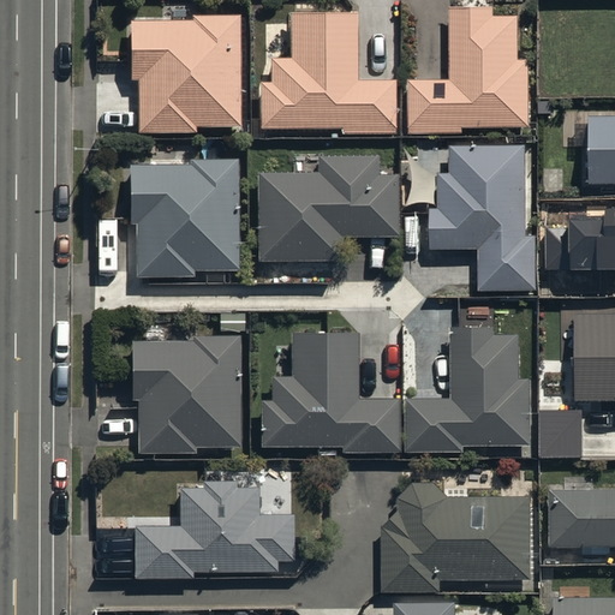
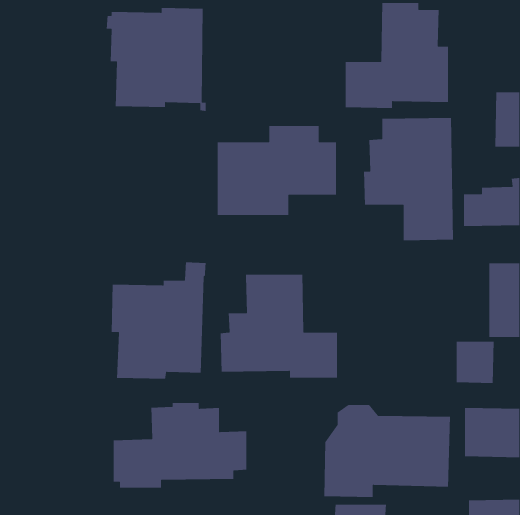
building: [259,11,394,137] -> none
building: [129,159,240,275] -> none
building: [406,326,529,454] -> none

